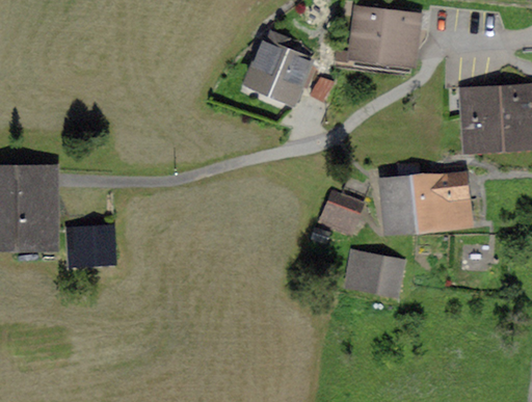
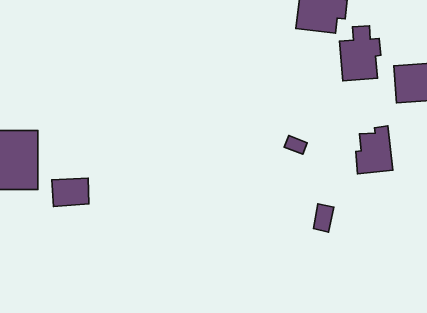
building: [248,34,314,104] -> none
building: [383,166,432,231] -> [339,26,381,81]
building: [322,197,360,235] -> none
building: [349,258,381,292] -> none

